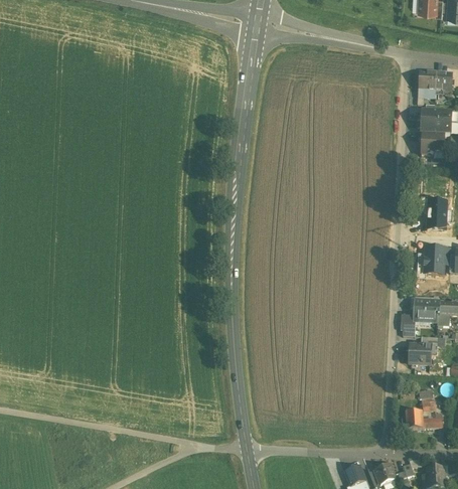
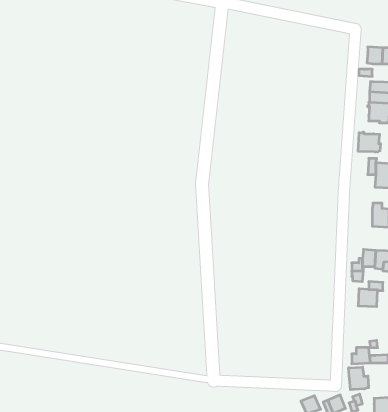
building: none -> [358,132,381,152]
building: none -> [349,367,369,390]

